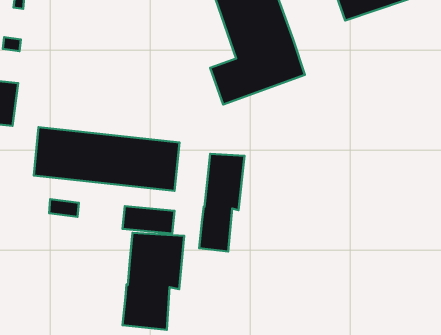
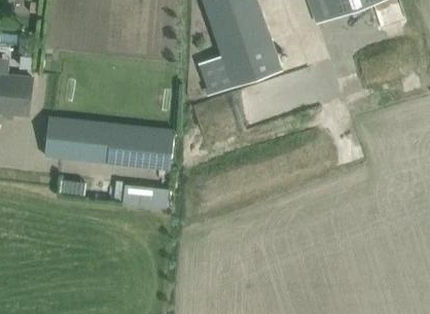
building: [199,154,244,252] -> none
building: [123,233,184,330] -> none

